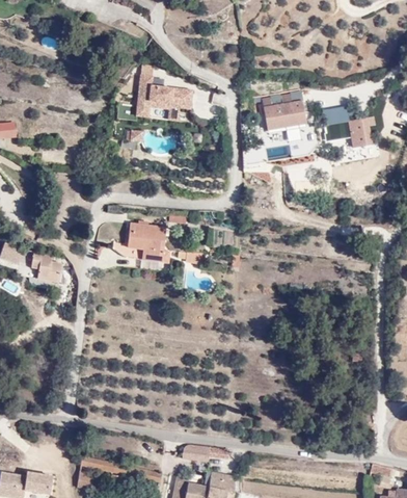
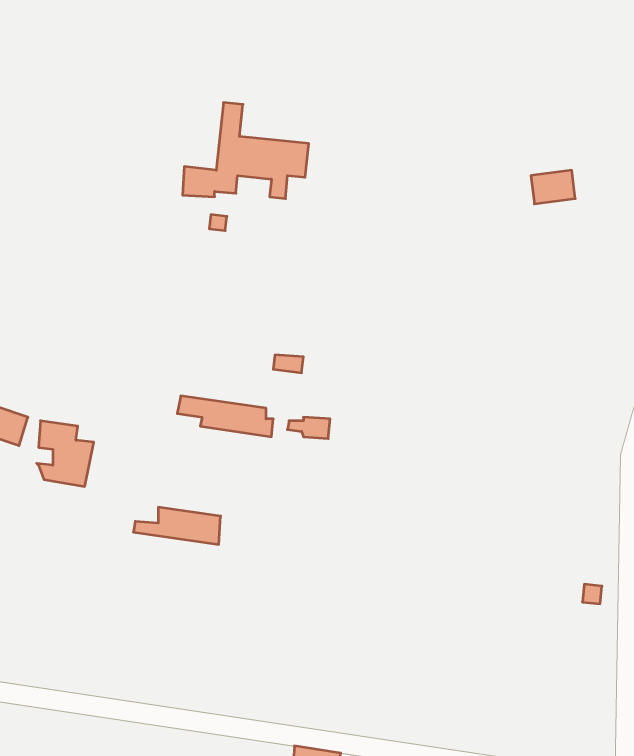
building: [265,95,307,129] -> none
building: [352,119,376,147] -> none
building: [117,224,168,245] -> [133,507,221,544]

